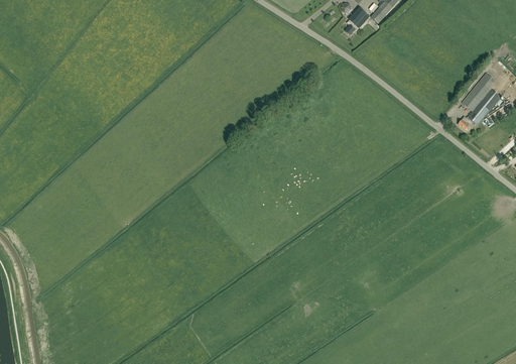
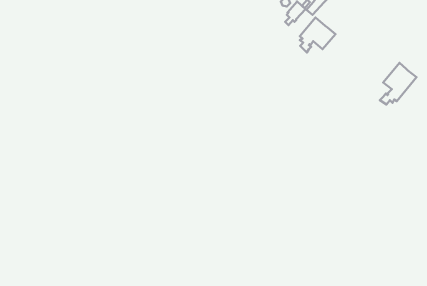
building: none -> [300,18,336,52]

